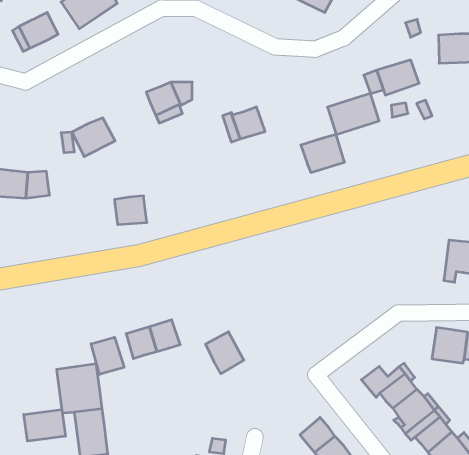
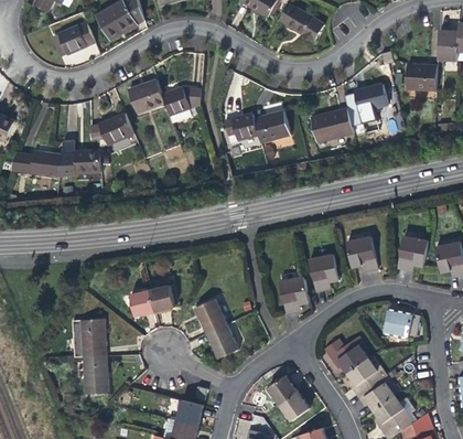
building: none -> [129,81,163,114]
building: [301,135,345,172] -> [252,113,288,142]
building: [115,196,147,225] -> [74,151,99,173]
building: none -> [346,237,377,271]
building: none -> [308,255,337,292]
building: none -> [279,277,309,314]
building: [91,337,124,374] -> none
building: none -> [206,323,237,357]
building: [24,410,65,441] -> none

